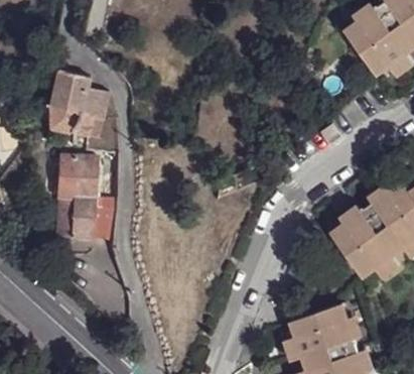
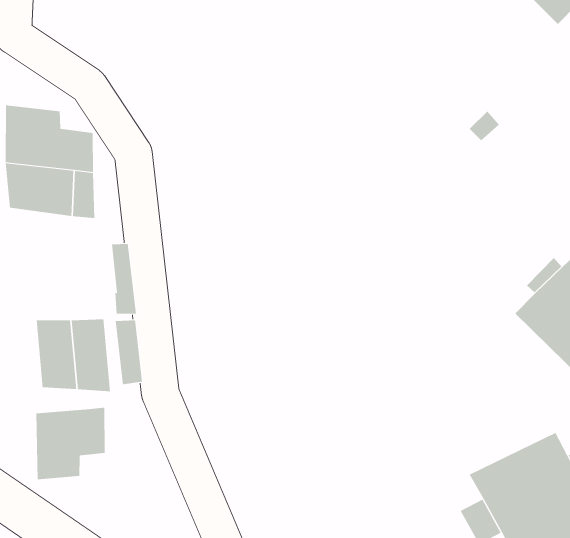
building: [55,160,98,203] -> none
building: none -> [36,407,105,480]

